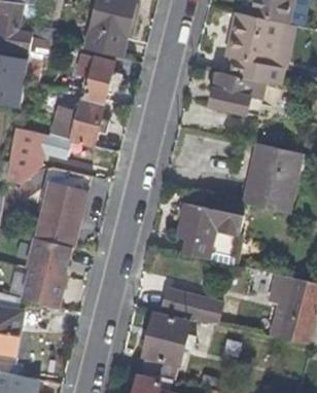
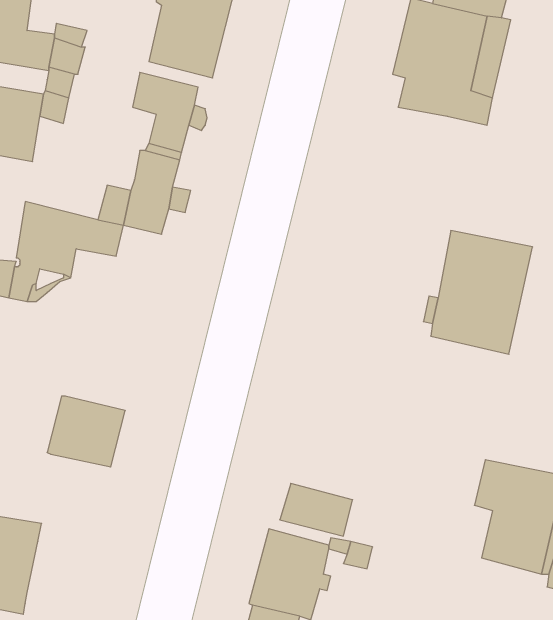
building: [208,72,254,113] -> none
building: [38,168,93,247] -> none
building: [176,202,242,264] -> none
building: [24,271,68,308] -> none

